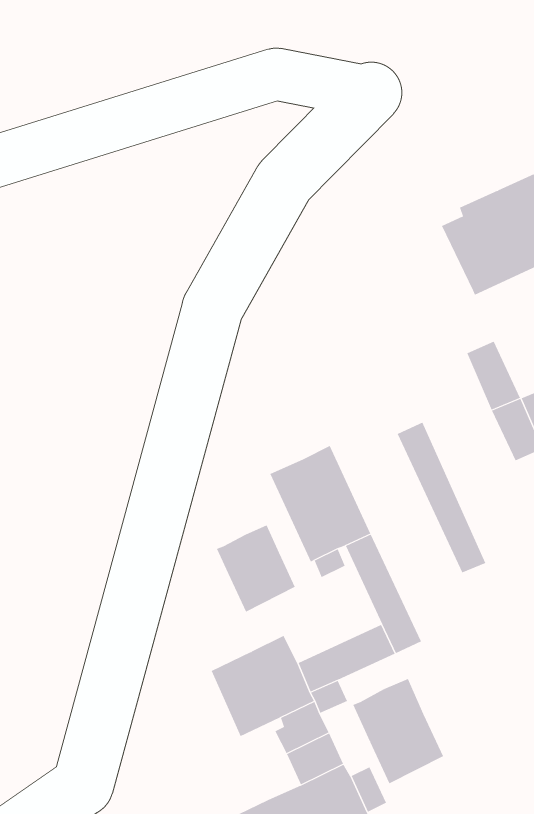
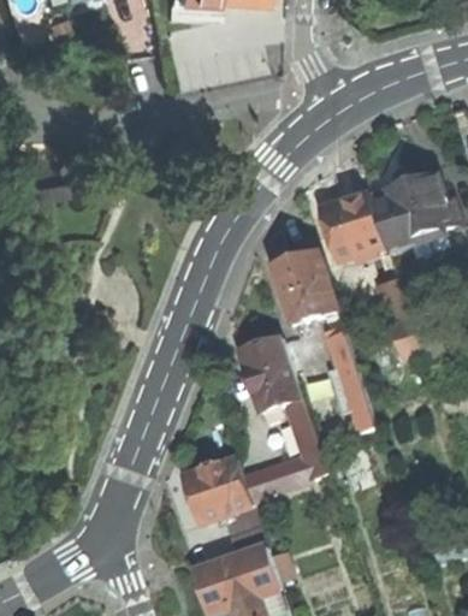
building: none -> [318,192,384,260]
building: none -> [272,251,336,324]
building: [216,525,296,612] -> none
building: [352,678,444,784] -> none

